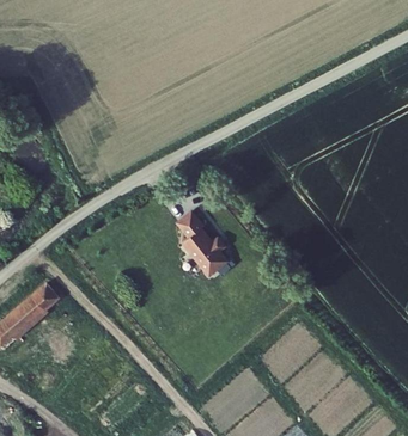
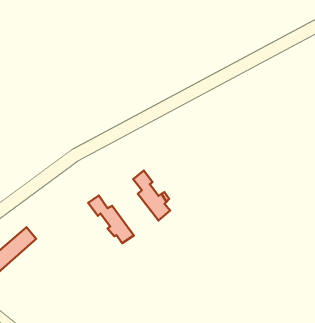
building: none -> [88,196,134,243]

